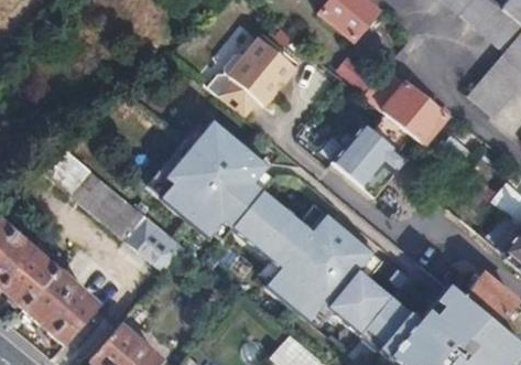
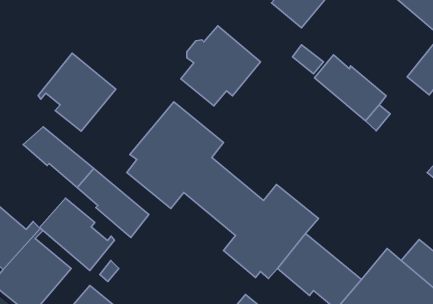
building: none -> [38,53,116,131]
building: [333,112,412,195] -> none
building: none -> [40,198,115,270]

